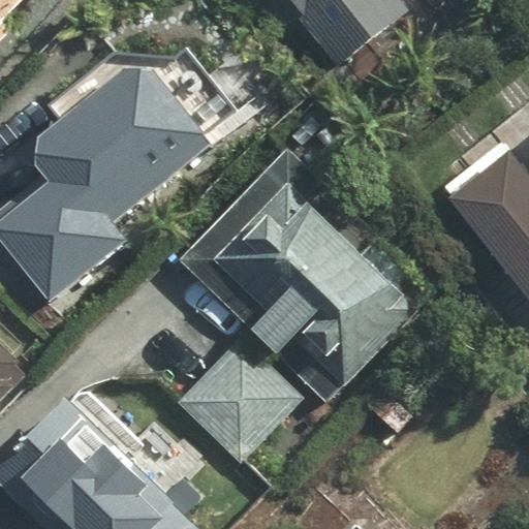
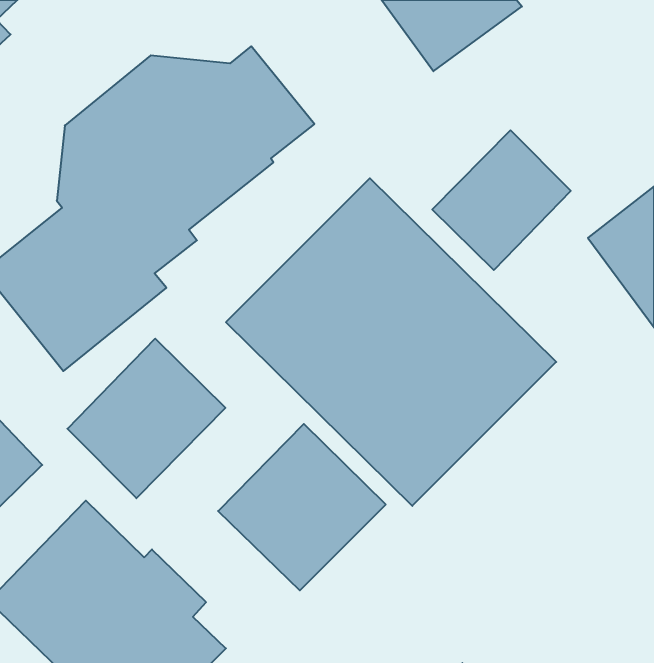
building: none -> [432,130,571,270]
building: none -> [67,339,225,498]

